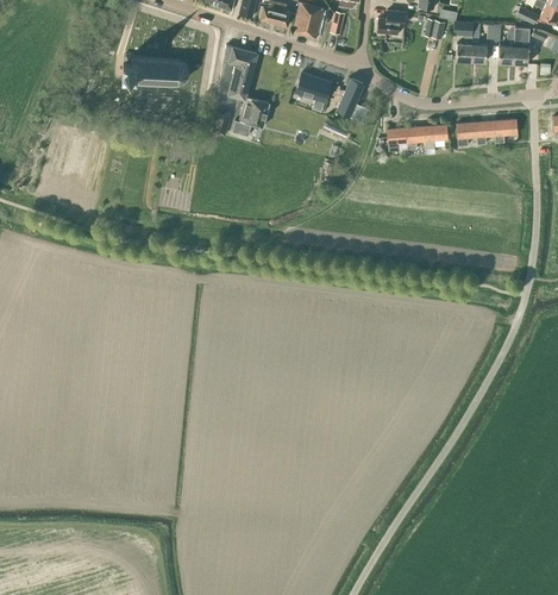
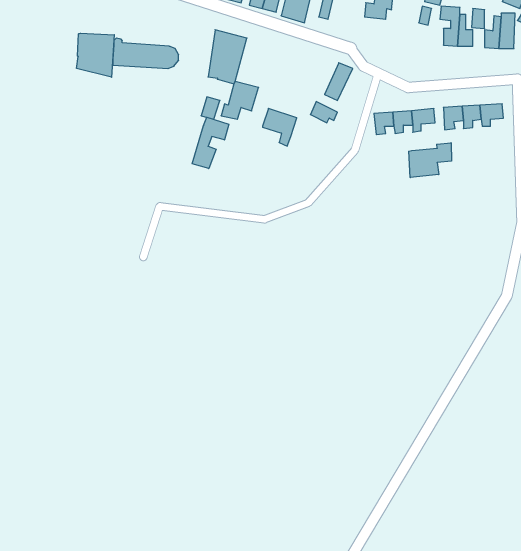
building: none -> [77,33,114,77]
building: [296,73,331,111] -> [263,108,297,146]
building: none -> [192,117,229,169]
building: none -> [409,143,451,178]

